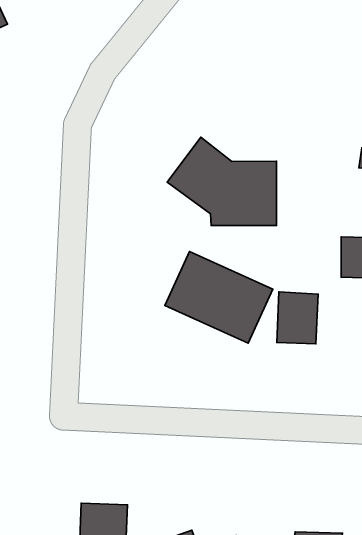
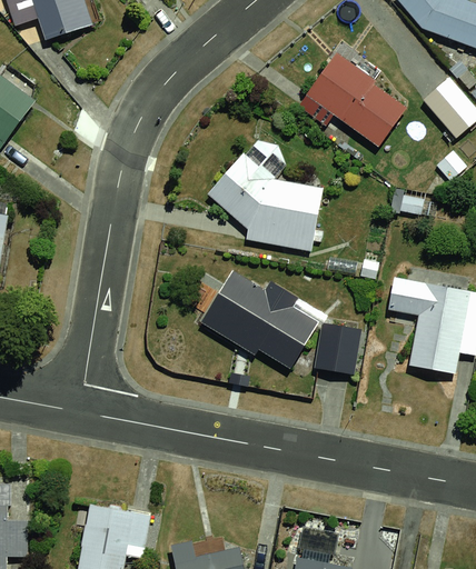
building: none -> [311,56,415,151]

